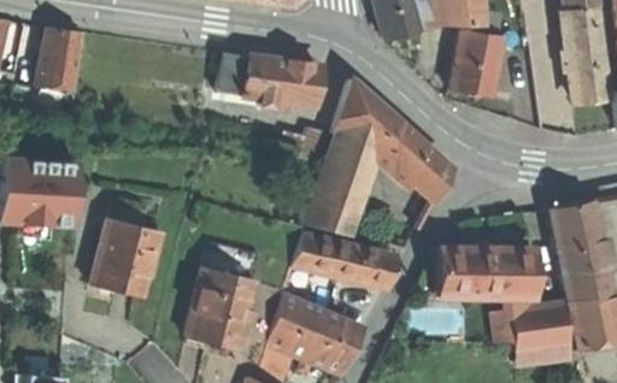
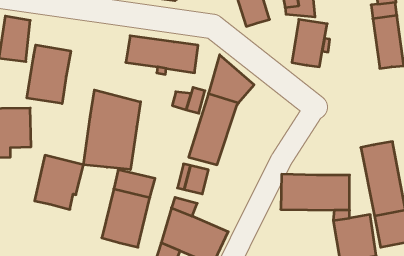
building: none -> [27,45,71,104]
building: [375,122,449,201] -> none
building: none -> [84,90,141,170]
building: [327,241,389,288] -> none

